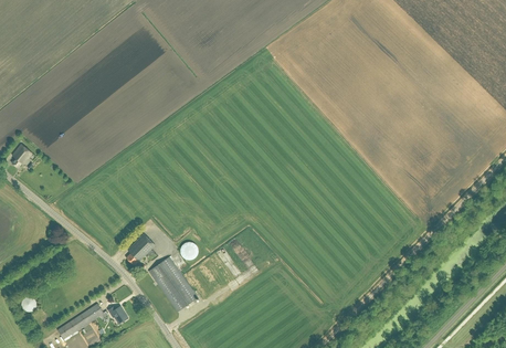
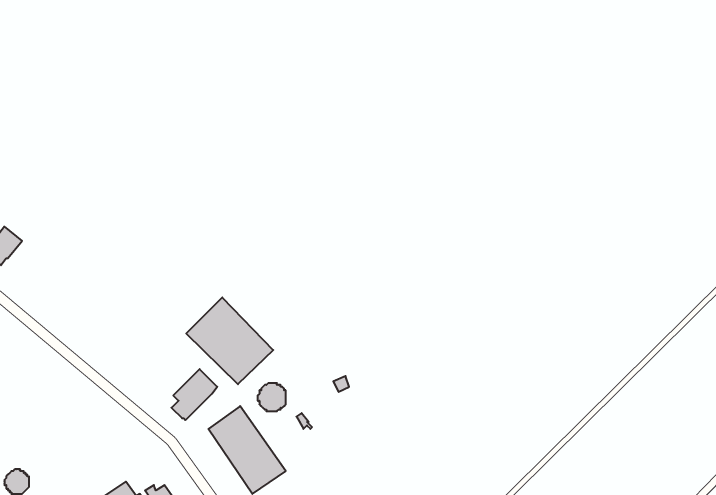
building: none -> [186,297,273,384]

